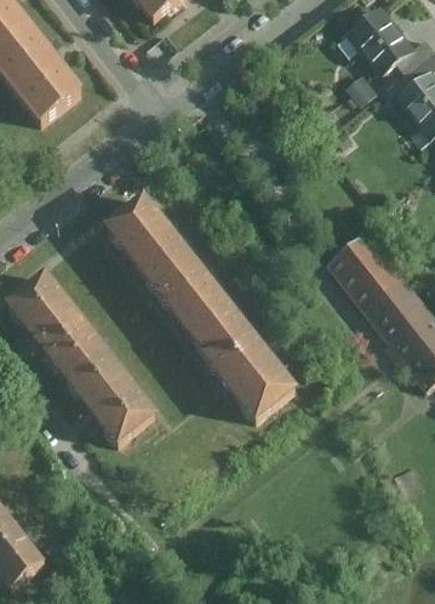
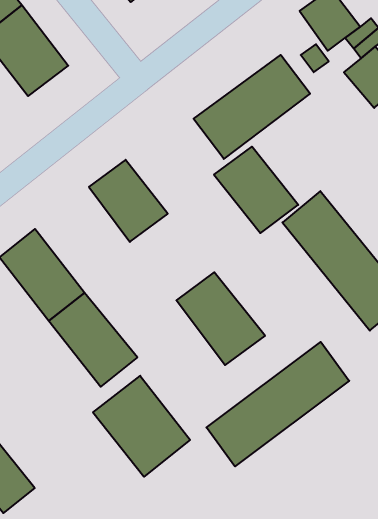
building: none -> [194,55,310,159]
building: [150,253,245,351] -> [214,147,298,233]
building: none -> [206,342,349,466]
building: none -> [93,376,190,477]

